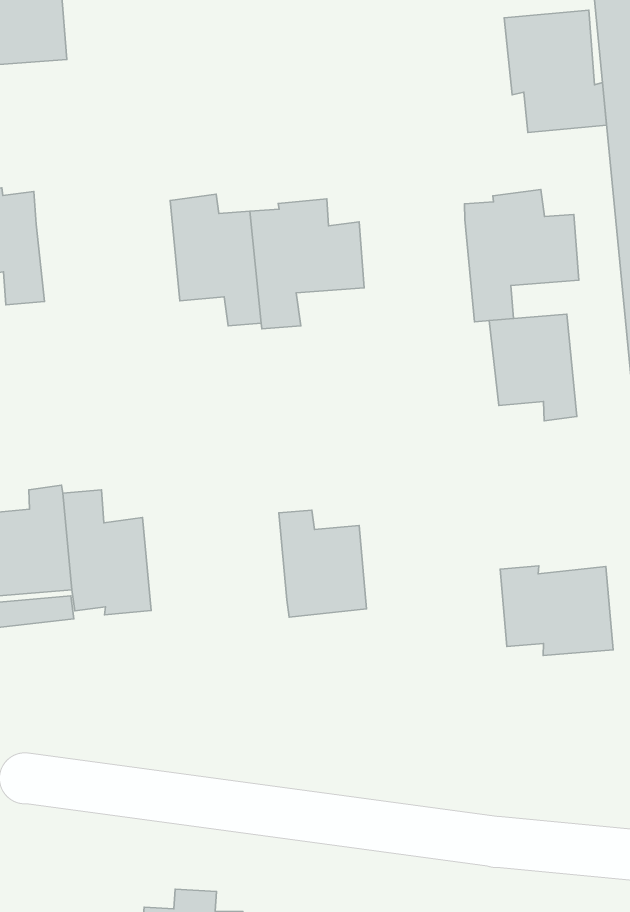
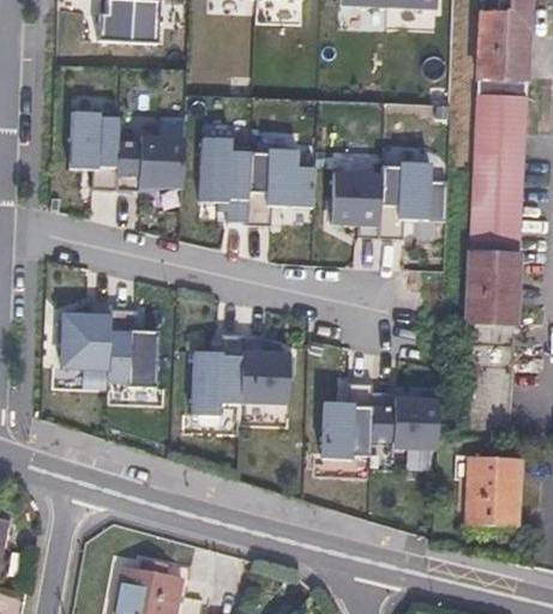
building: [504,10,607,133] -> none
building: none -> [116,134,184,189]
building: [489,314,577,421] -> [331,170,380,236]
building: none -> [192,332,242,402]
building: none -> [323,380,373,458]

